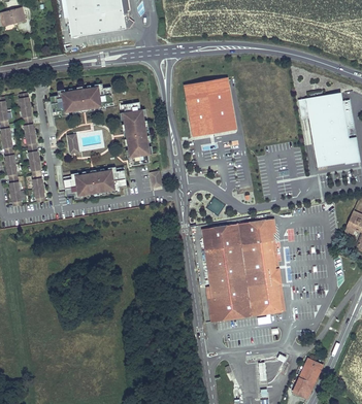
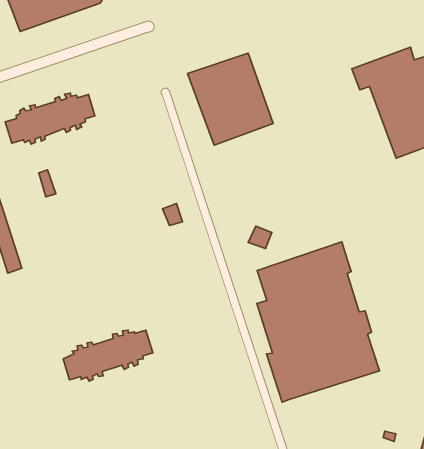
building: [122,102,153,165] -> none
building: [64,168,127,199] -> [63,330,153,381]

